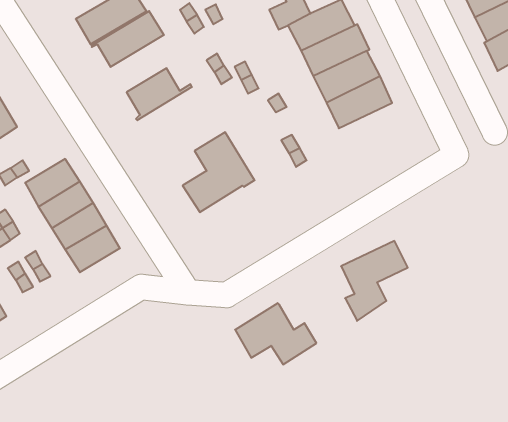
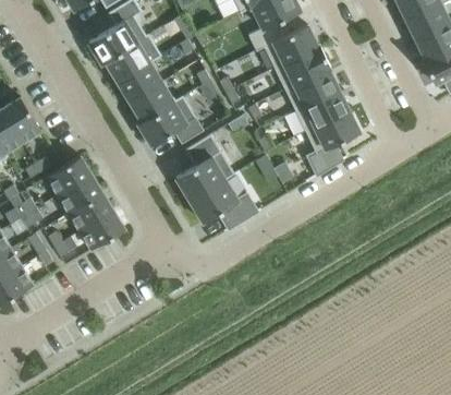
building: none -> [117,62,162,103]
building: none -> [138,98,196,146]
building: [341,241,408,321] -> [303,111,357,177]
building: [235,303,316,364] -> [190,179,256,229]

